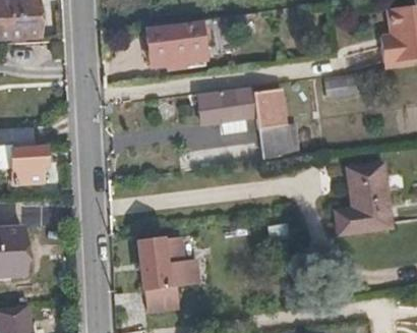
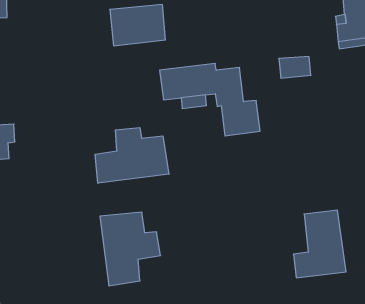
building: none -> [95,128,169,183]
building: [338,163,393,233] -> [293,210,346,278]

